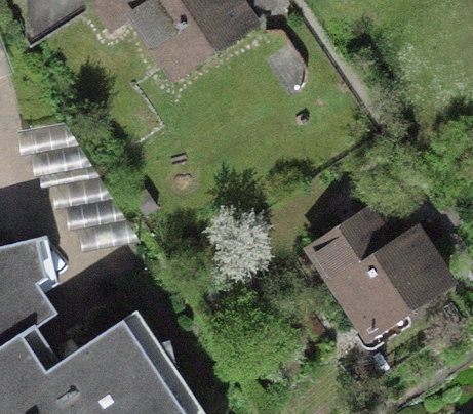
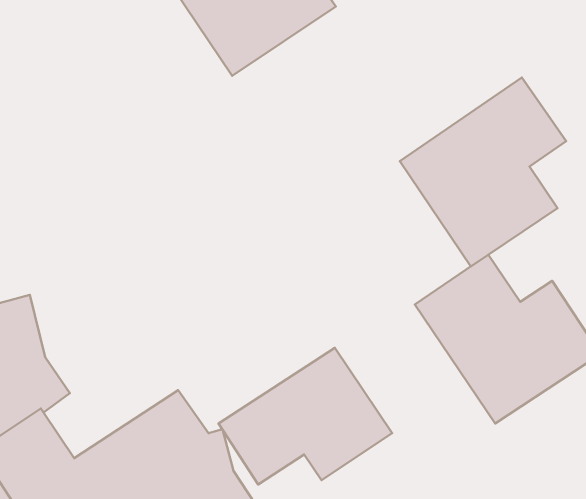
building: none -> [400,77,566,266]
building: none -> [219,348,392,484]

